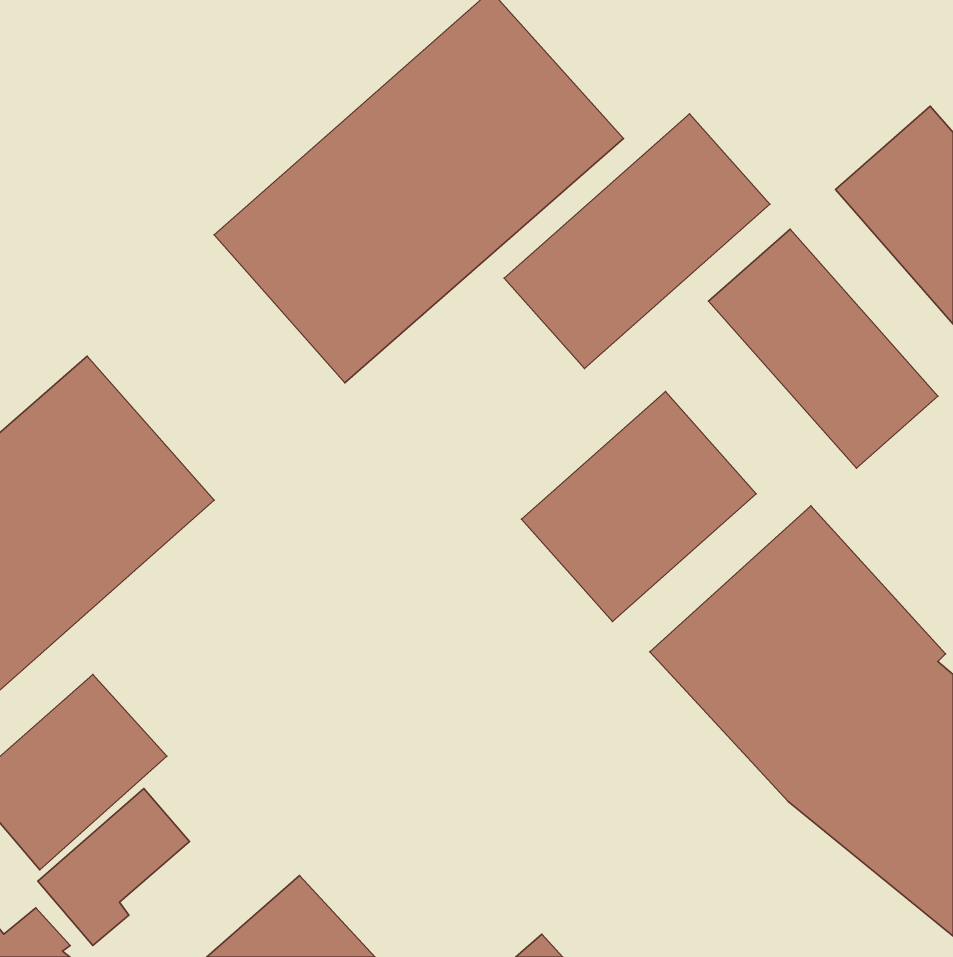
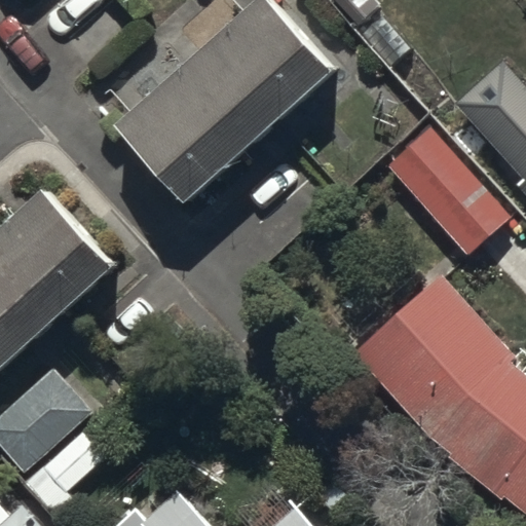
building: [504,114,770,369] -> none
building: [522,392,756,621] -> none

